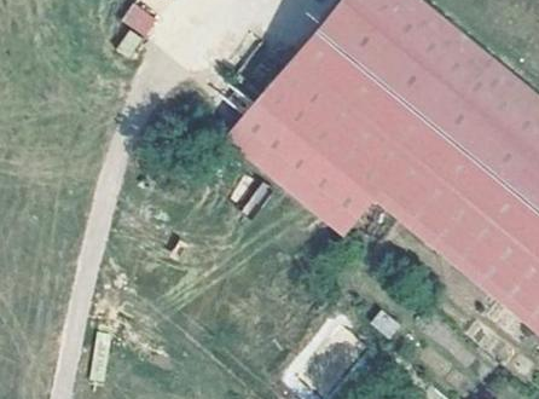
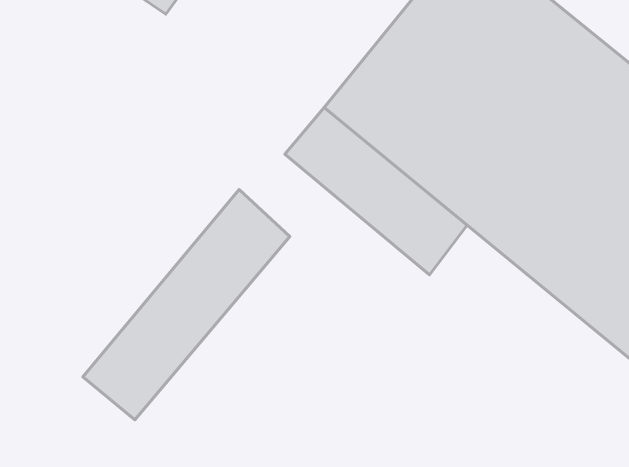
building: none -> [83,189,290,420]

